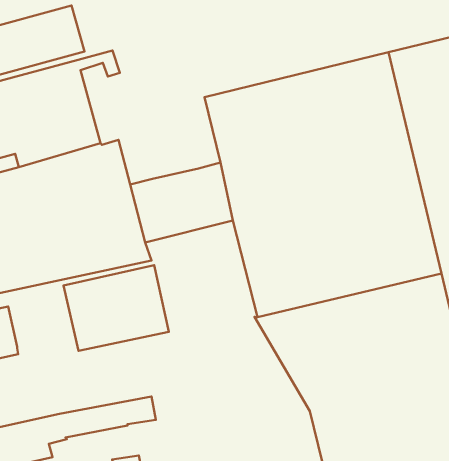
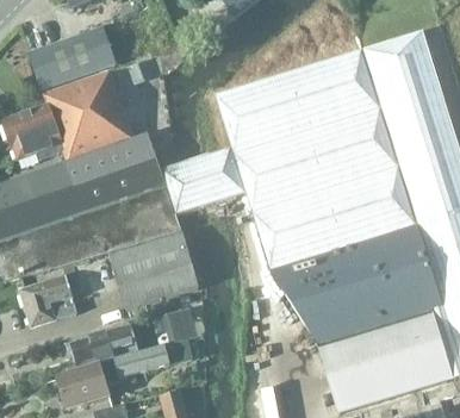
building: none -> [162,306,199,343]
building: none -> [72,324,138,368]

